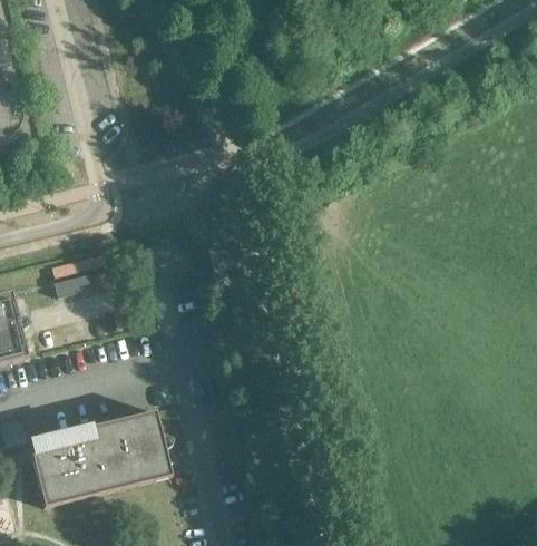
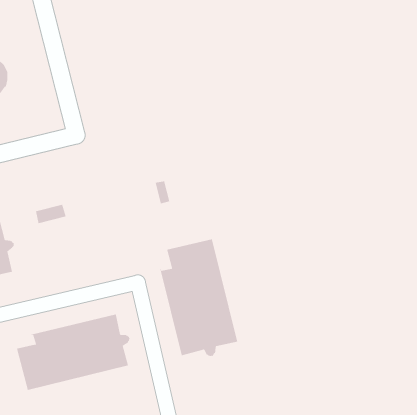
building: none -> [160,238,238,357]

